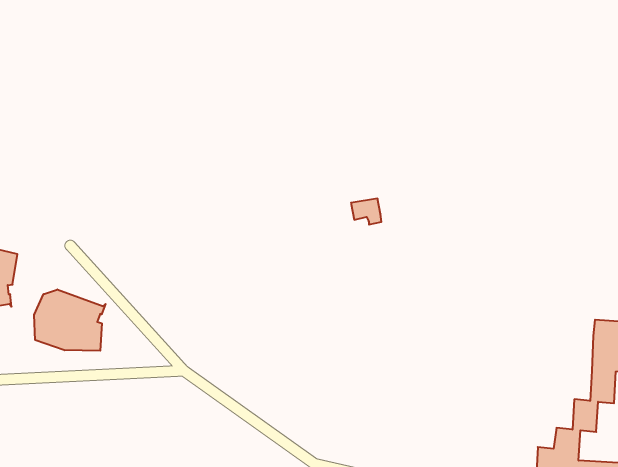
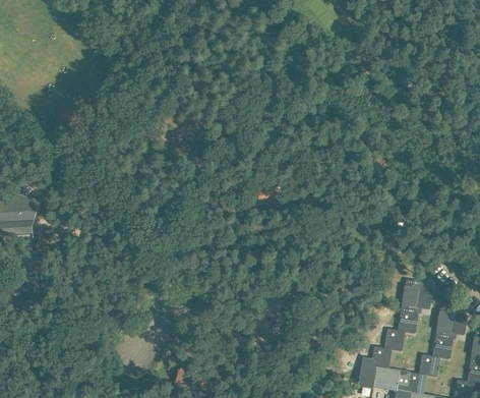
building: [34,289,106,351] -> none

